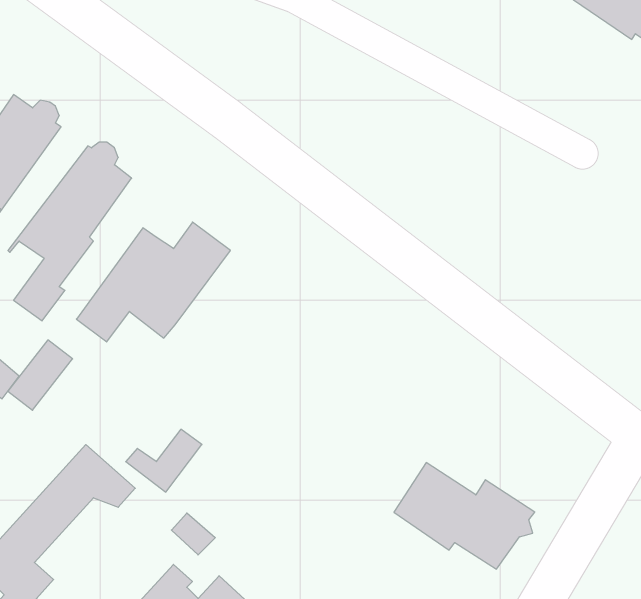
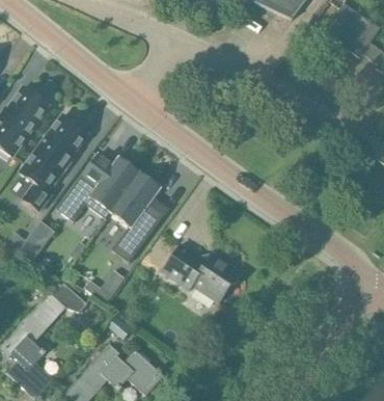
building: none -> [110,171,167,262]
building: [394,463,535,569] -> [162,243,239,301]

